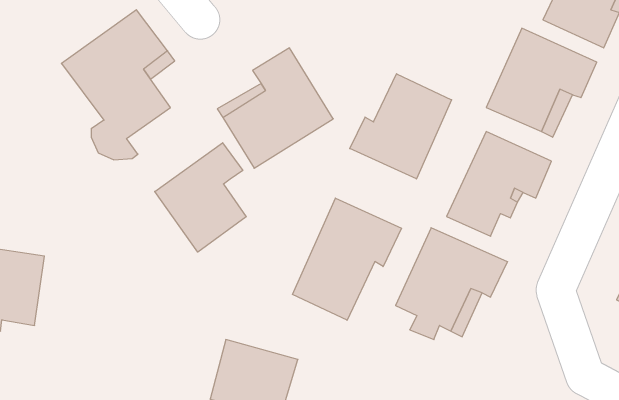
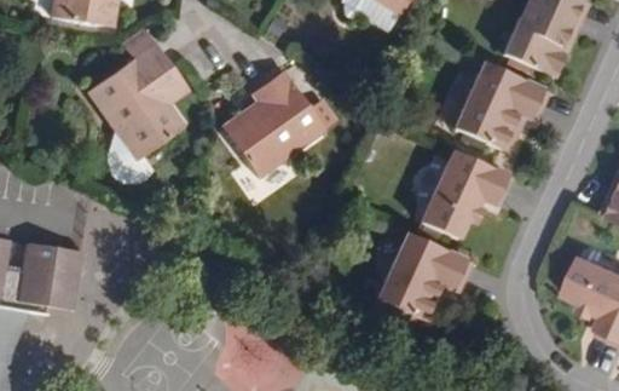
building: [350,74,452,179] -> none
building: [155,143,246,252] -> none
building: [293,198,402,320] -> none

